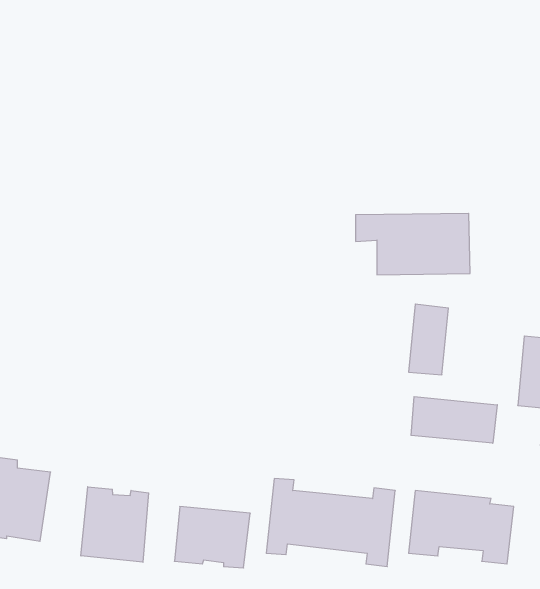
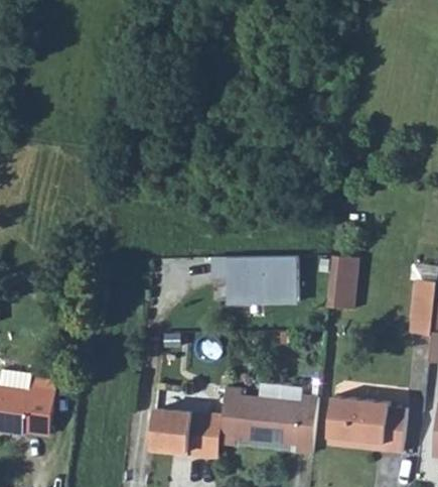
building: [356,213,470,275] -> [211,257,298,303]
building: [411,397,497,443] -> none
building: [81,487,149,562] -> none

